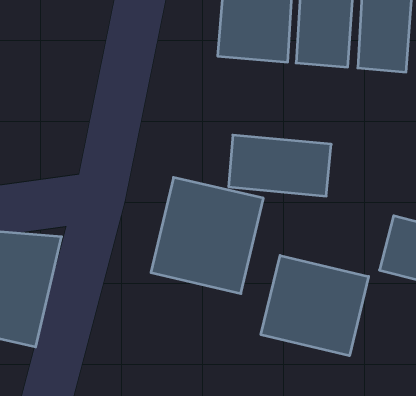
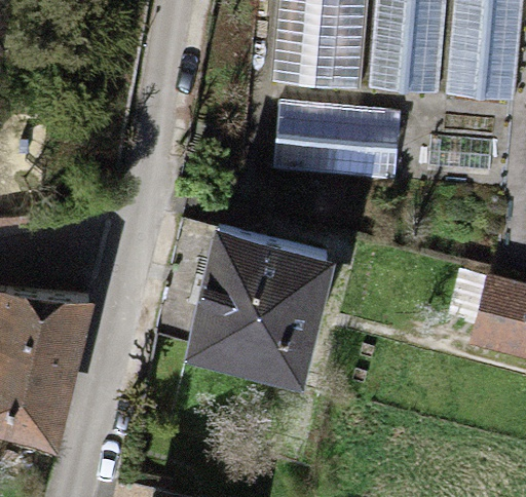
building: [229,135,331,196] -> [273,103,400,178]
building: [261,255,369,356] -> none

